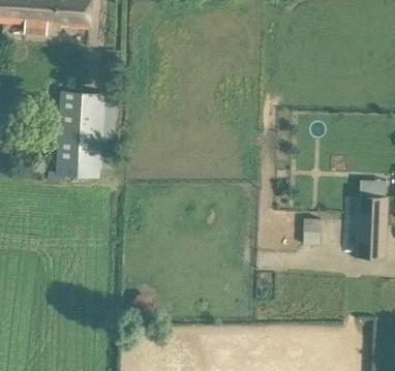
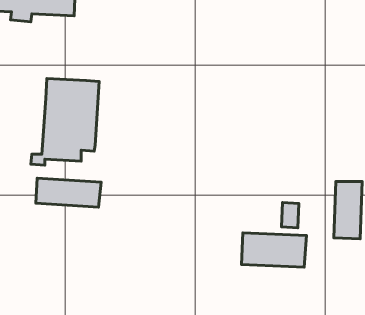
building: none -> [36,178,101,207]
building: none -> [241,233,307,267]

